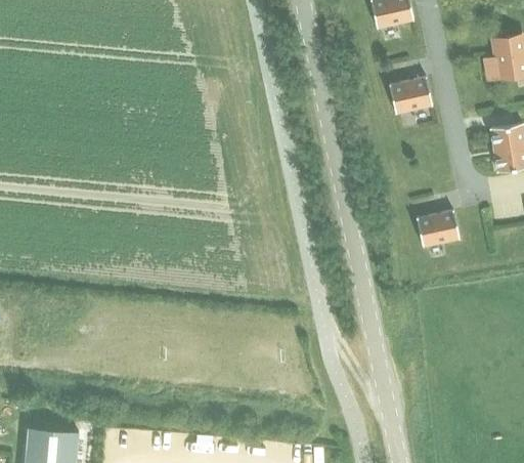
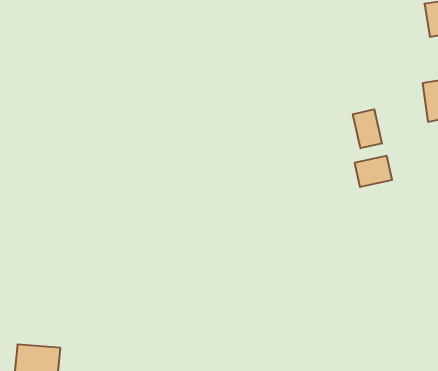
building: [389,77,432,113] -> none
building: none -> [353,109,382,148]

